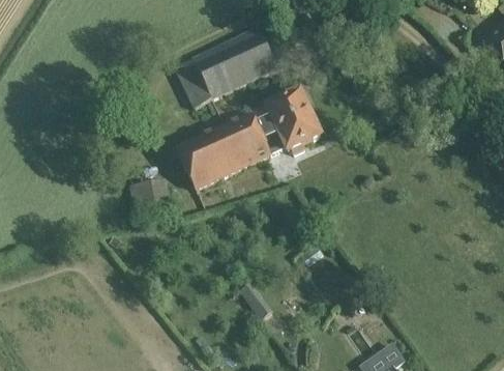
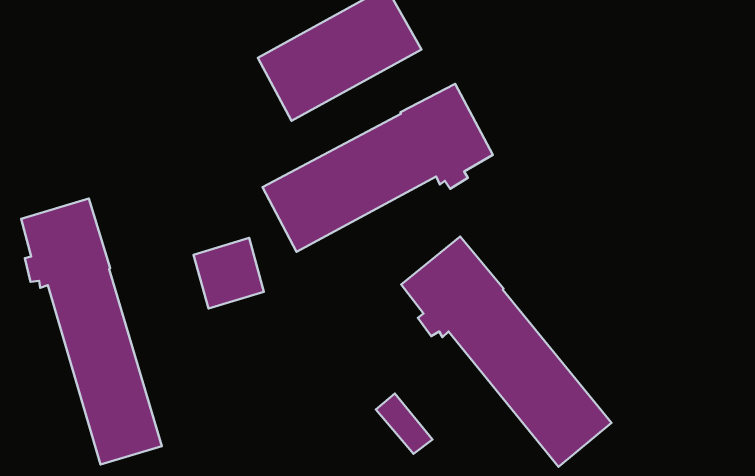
building: none -> [21,199,162,465]
building: none -> [401,236,612,467]

